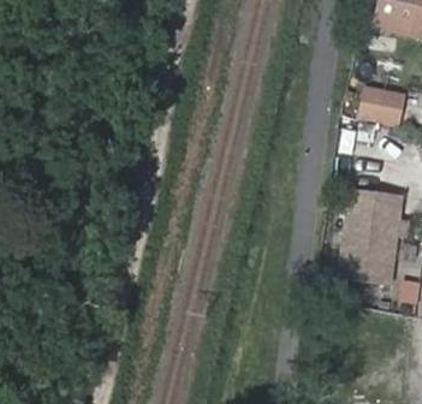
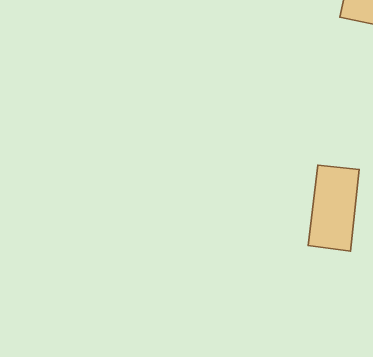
building: [361,89,404,125] -> none

